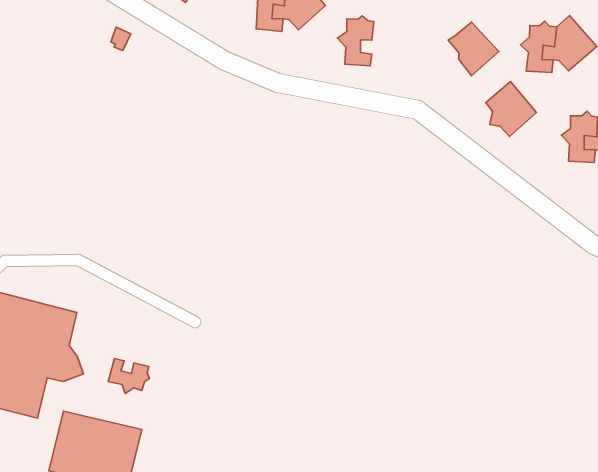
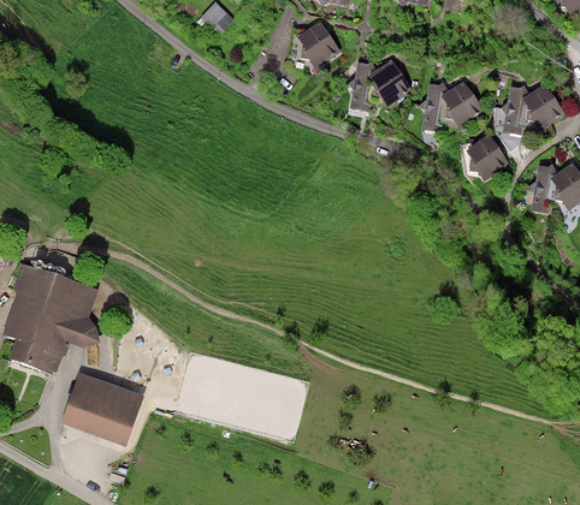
building: none -> [365,60,412,108]
building: none -> [421,81,448,130]
building: [108,359,149,394] -> none

